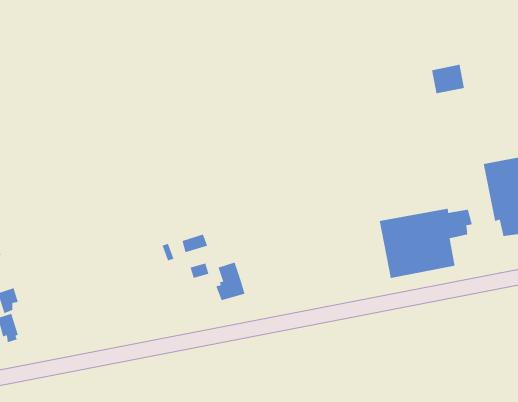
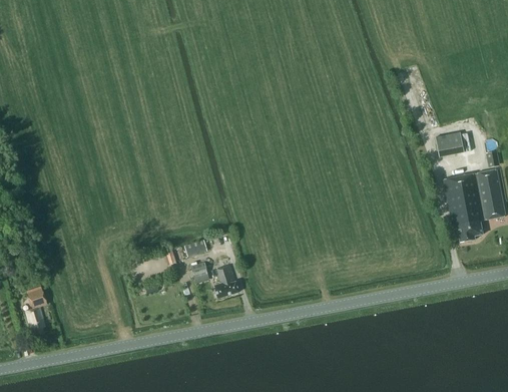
building: [431,64,465,94] -> [435,130,464,156]
building: [379,208,473,279] -> none

